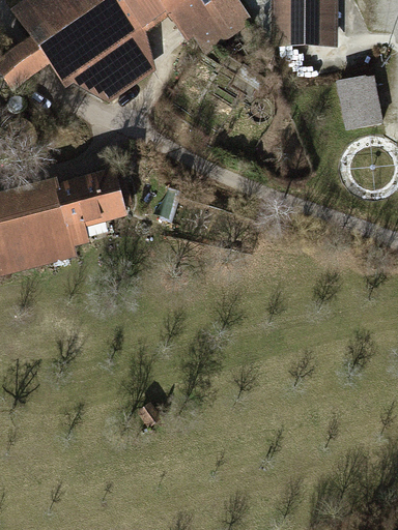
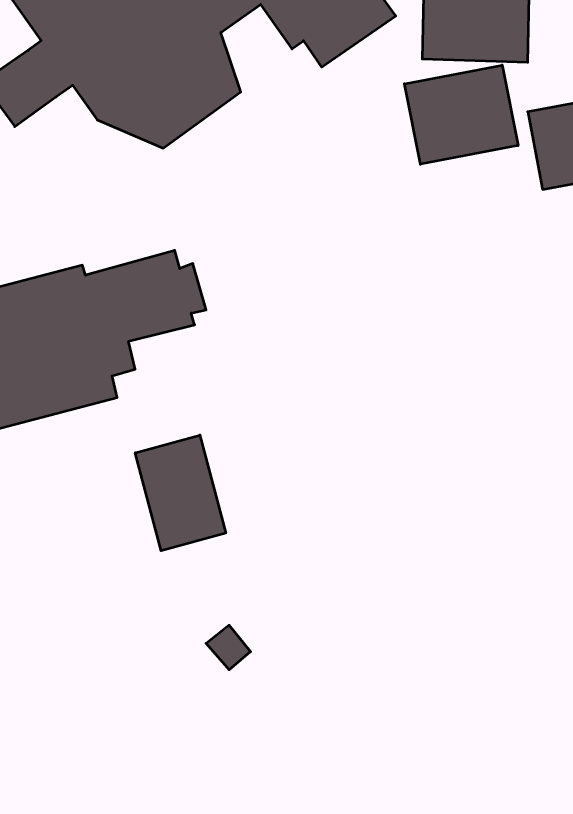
building: none -> [404,65,518,164]
building: none -> [135,435,226,551]

